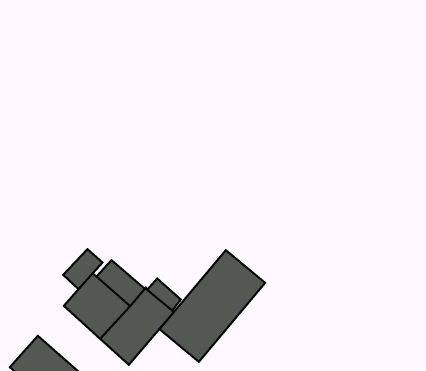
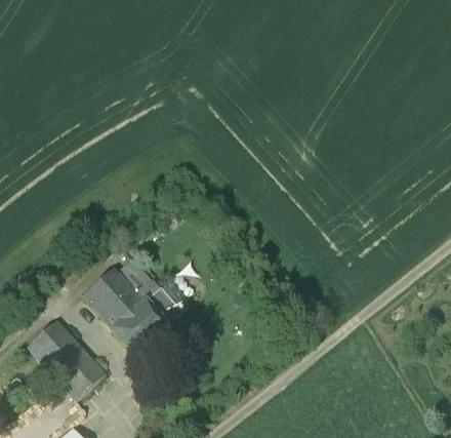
building: [63,249,103,289] -> none
building: [160,250,265,362] -> none

